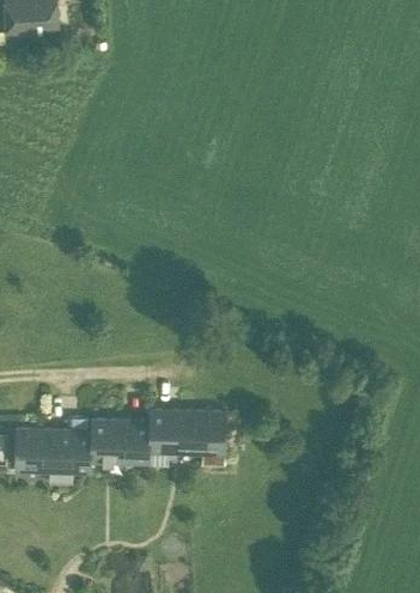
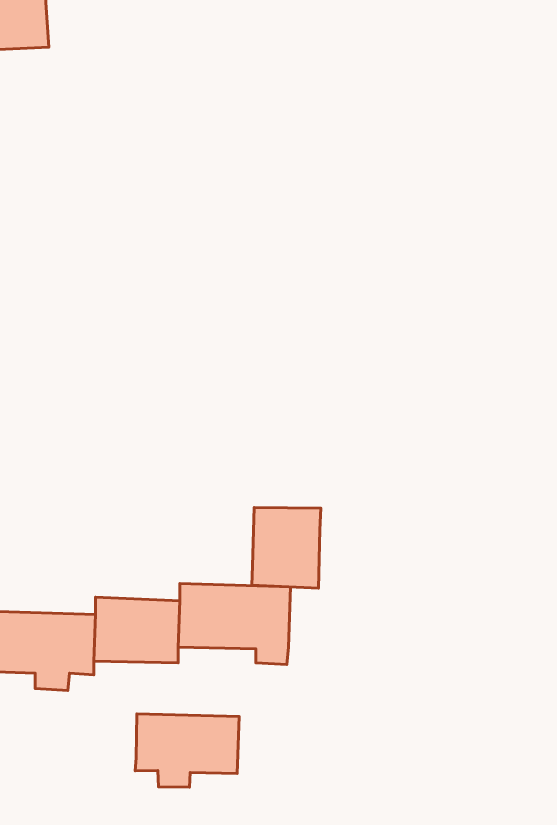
building: none -> [252,508,321,588]
building: none -> [135,714,239,787]

